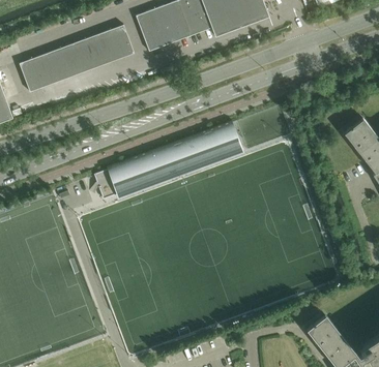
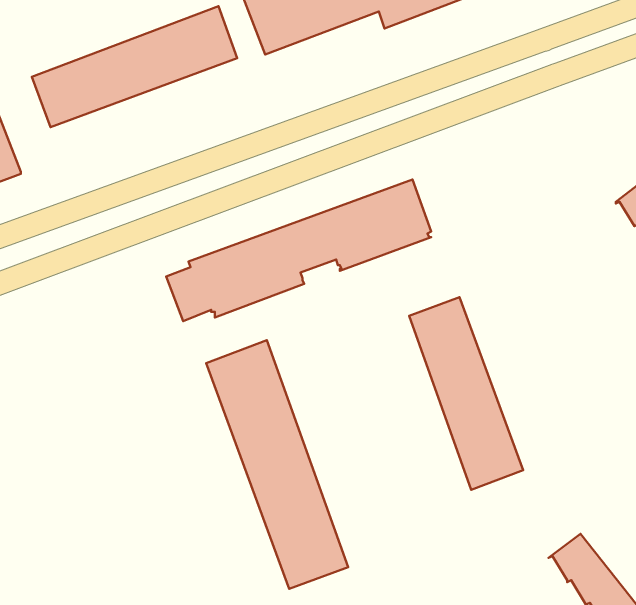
building: none -> [409,297,523,490]
building: none -> [206,340,348,589]

